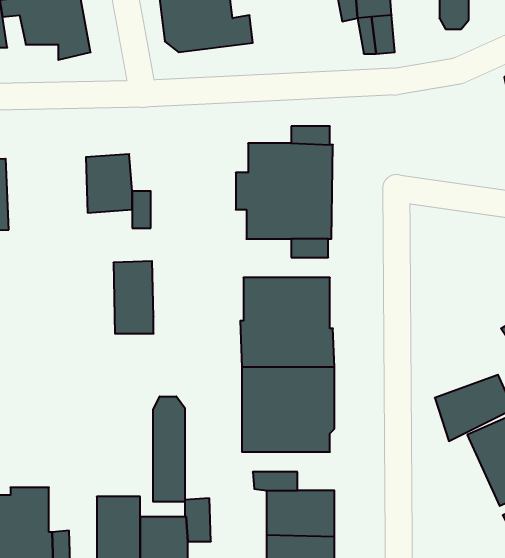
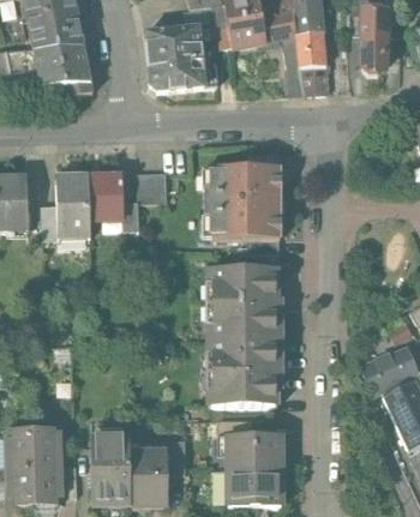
building: none -> [137,169,167,202]
building: [113,261,154,334] -> [58,174,89,230]
building: [153,396,185,502] -> none

